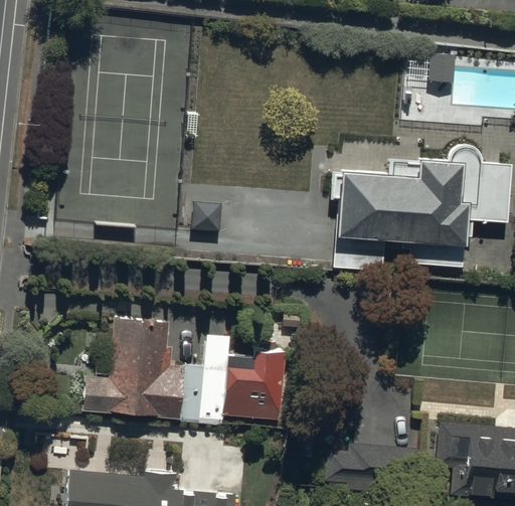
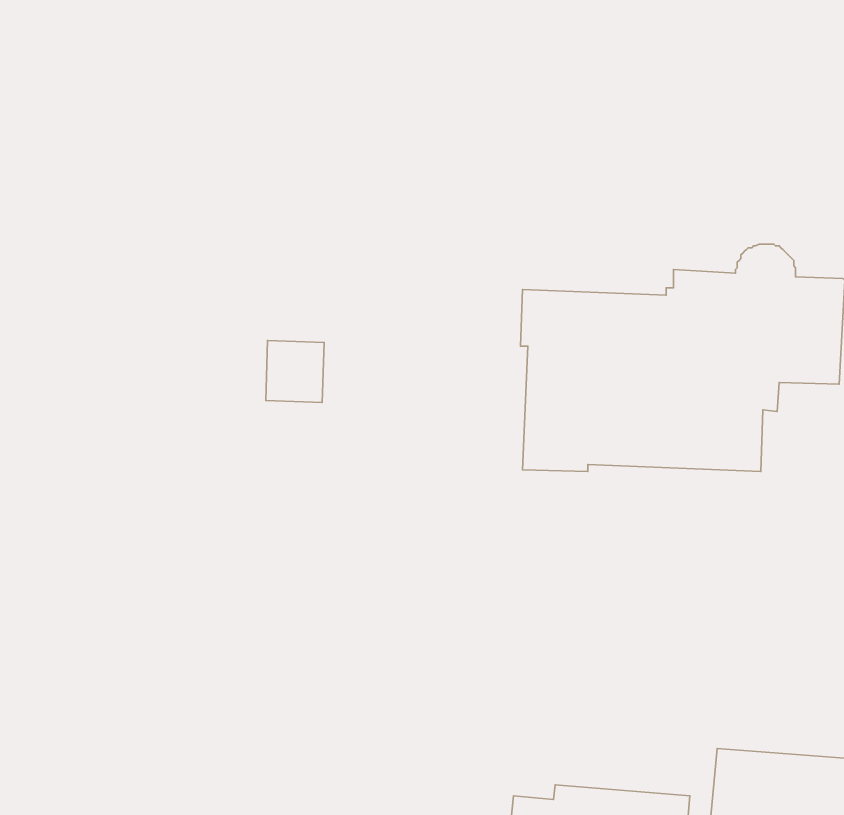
building: [83,317,288,427] -> none

